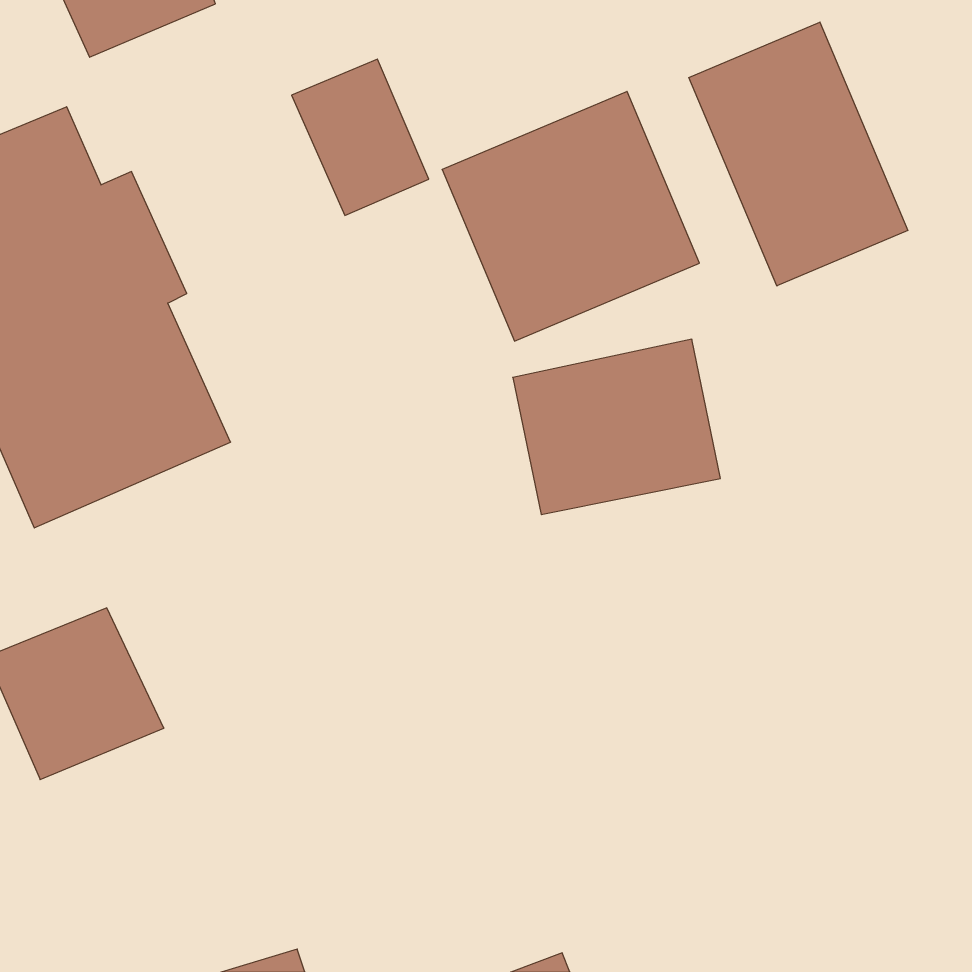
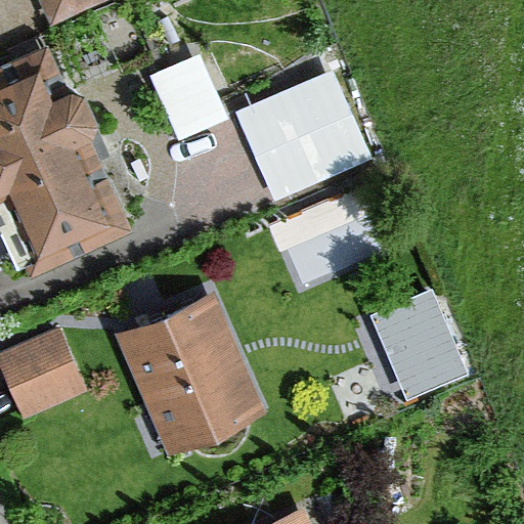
building: [689,22,908,286] -> none
building: none -> [369,289,468,400]
building: none -> [115,298,265,458]

